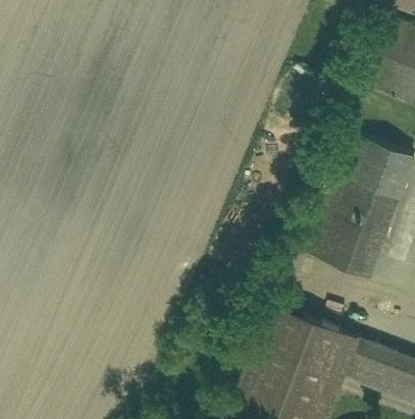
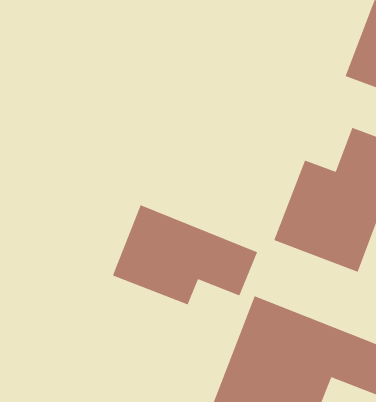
building: none -> [112,204,258,306]

